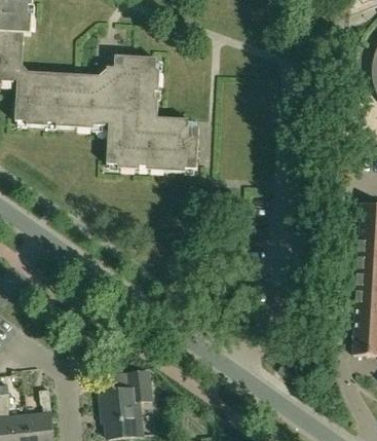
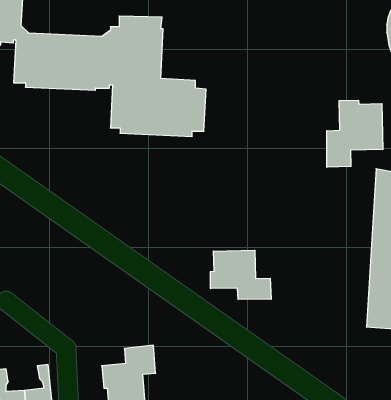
building: none -> [327,100,383,167]
building: none -> [210,250,271,299]

